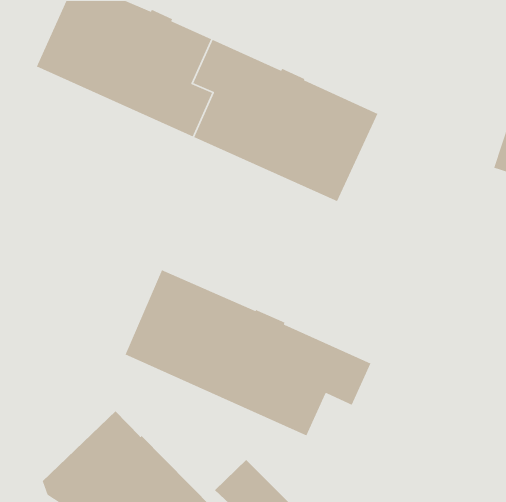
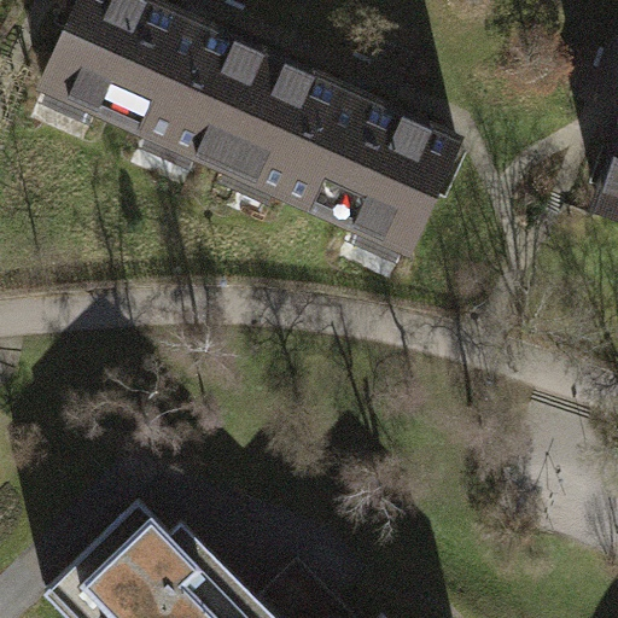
building: [125,269,371,436] -> none

